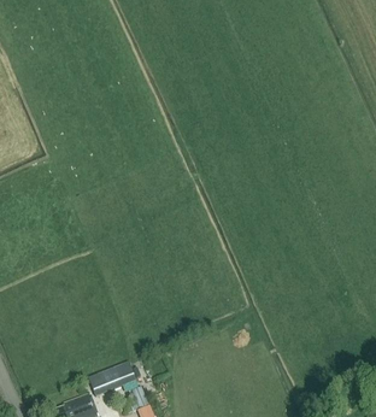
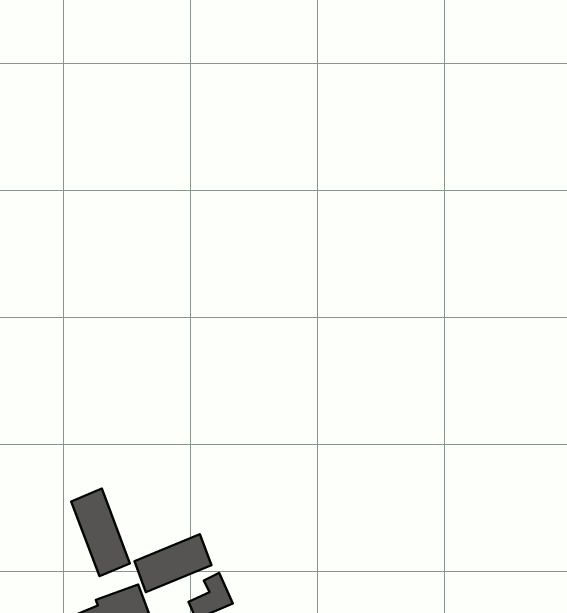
building: none -> [71,489,130,576]

